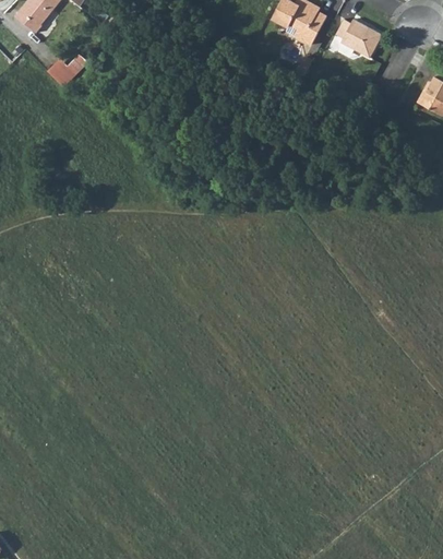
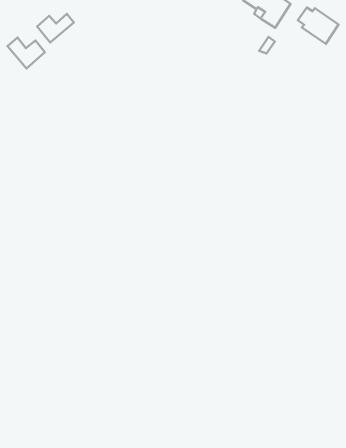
building: none -> [8,38,45,69]

